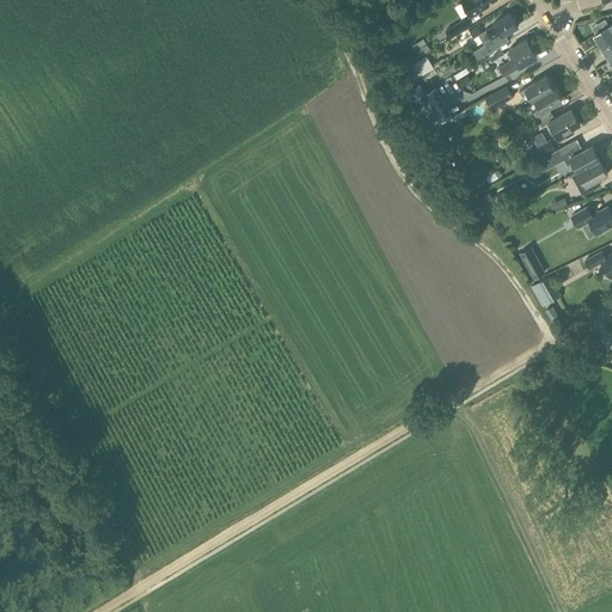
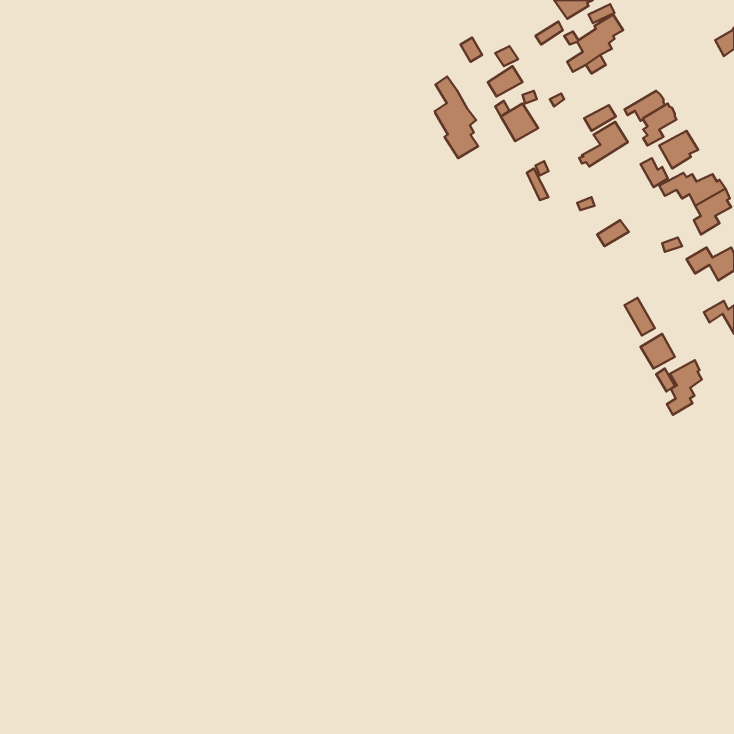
building: [496,39,537,76] -> [579,122,628,167]
building: none -> [435,76,478,158]
building: none -> [667,360,702,415]

